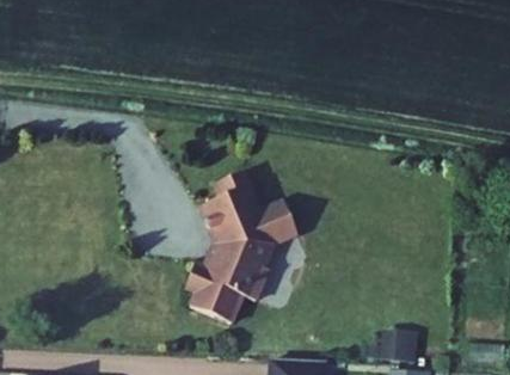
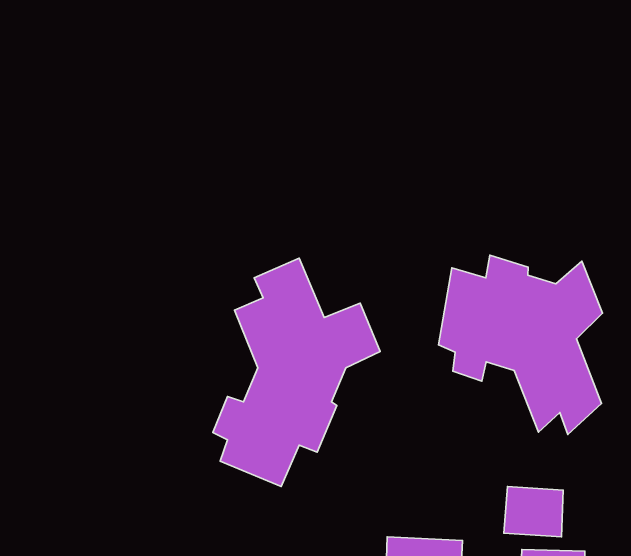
building: none -> [438,255,603,435]

